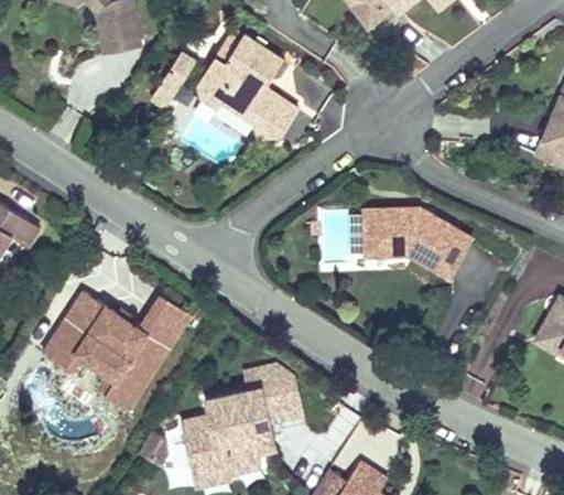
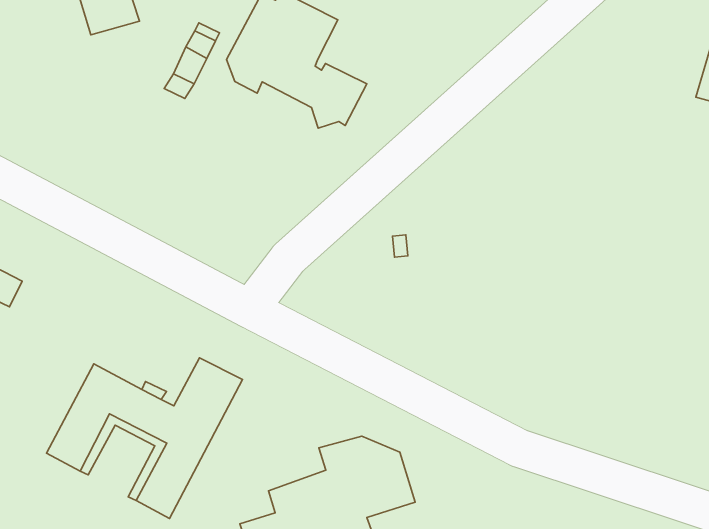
building: [364,207,470,276] -> none

